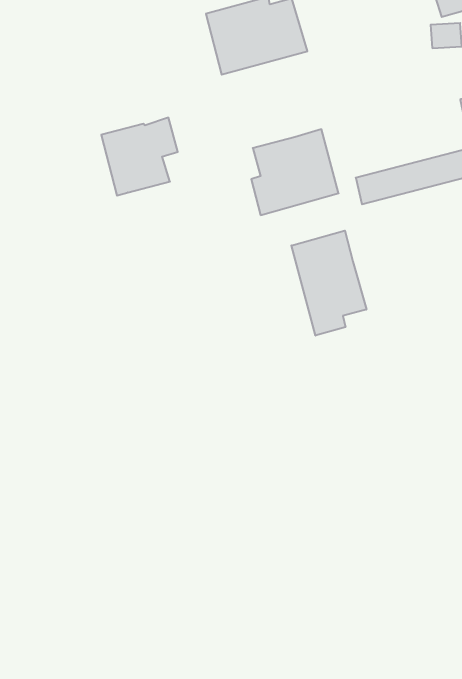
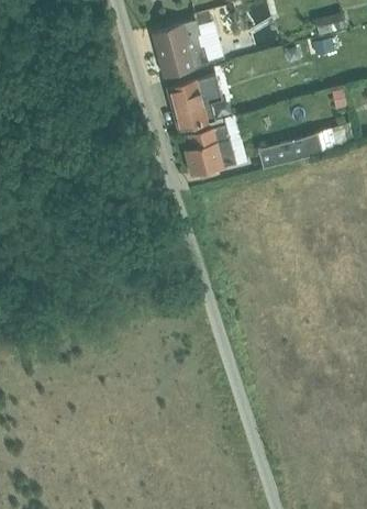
building: [101,118,178,196] -> [166,75,220,130]
building: [291,231,366,336] -> none

